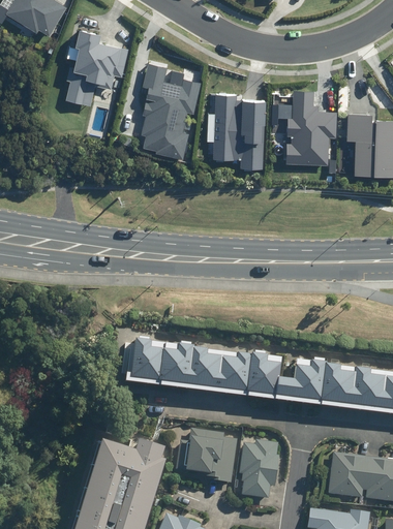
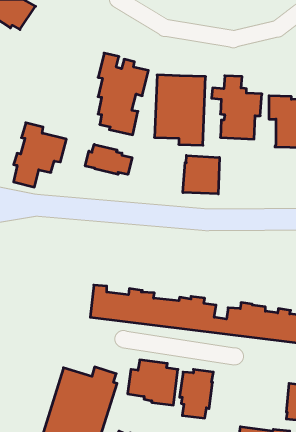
building: [66,31,129,107] -> [14,123,66,187]
building: none -> [85,144,132,174]
building: none -> [183,155,219,194]
building: [328,453,369,498] -> none

